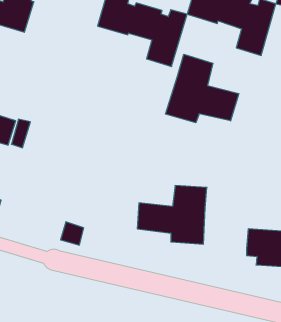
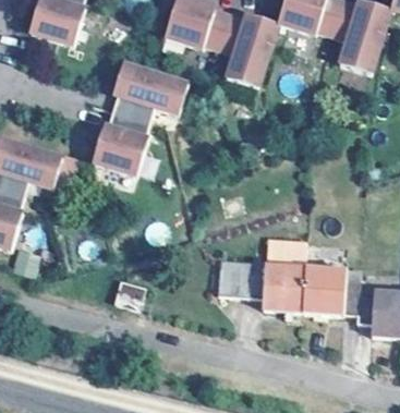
building: none -> [90,61,186,173]
building: [166,54,239,123] -> none
building: none -> [299,266,355,317]

